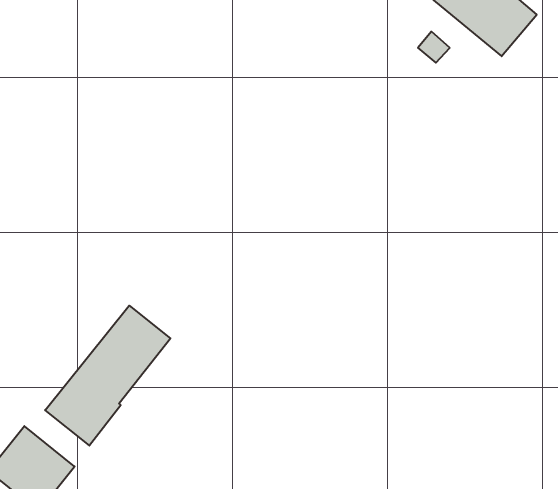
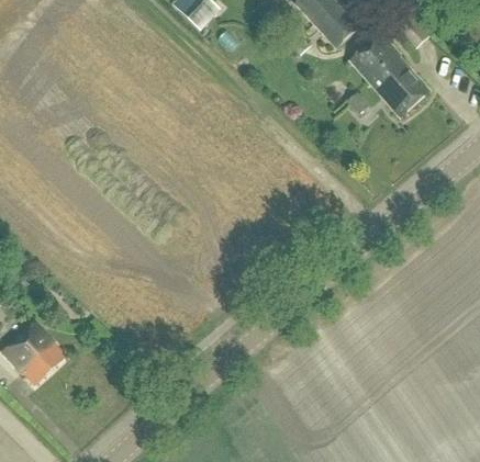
building: [45,306,170,446] -> none

